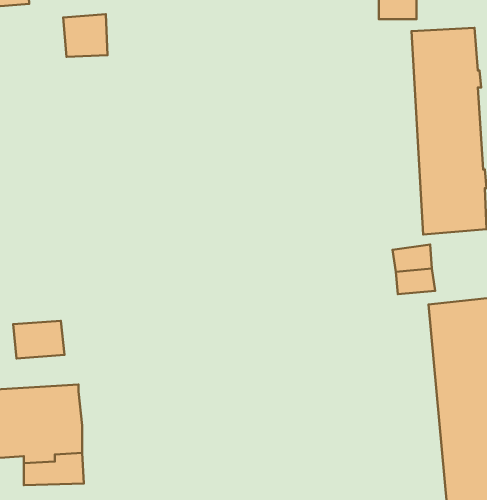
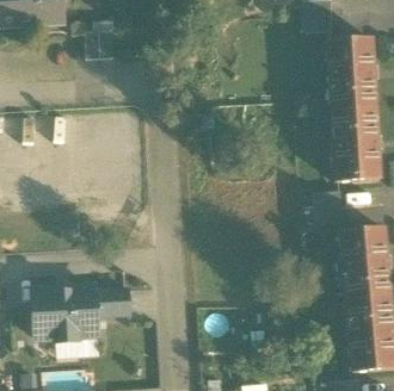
building: [13,321,64,358] -> [94,288,130,315]

